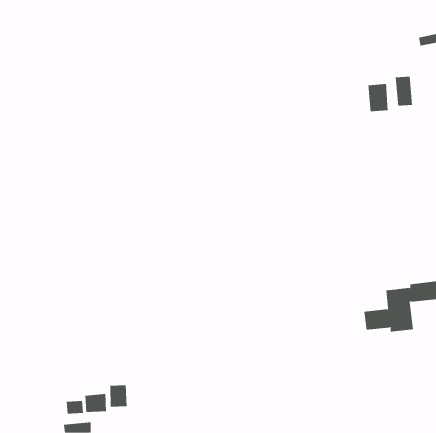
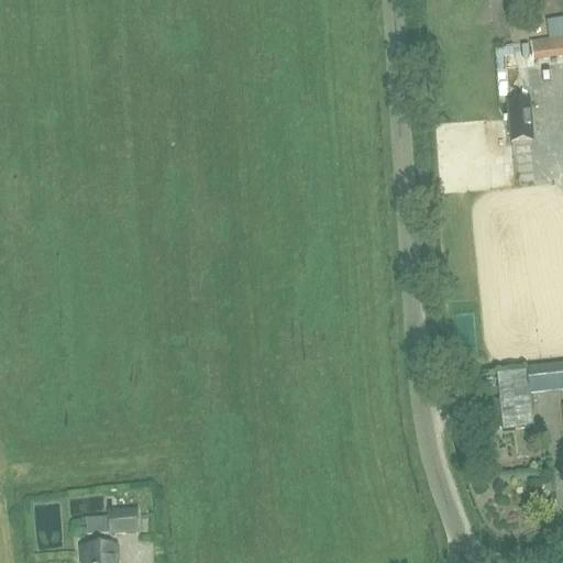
building: [368,83,388,112] -> none
building: [110,385,127,408] -> none

